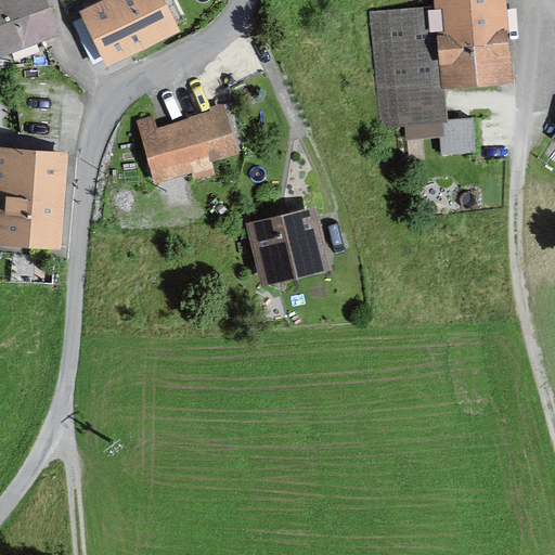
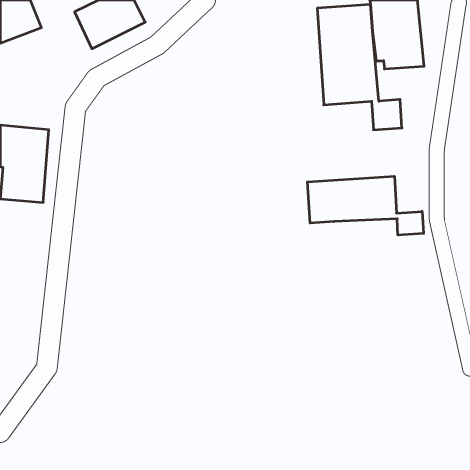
building: [138,111,237,182] -> none
building: none -> [307,176,424,235]
building: [260,217,321,274] -> none

